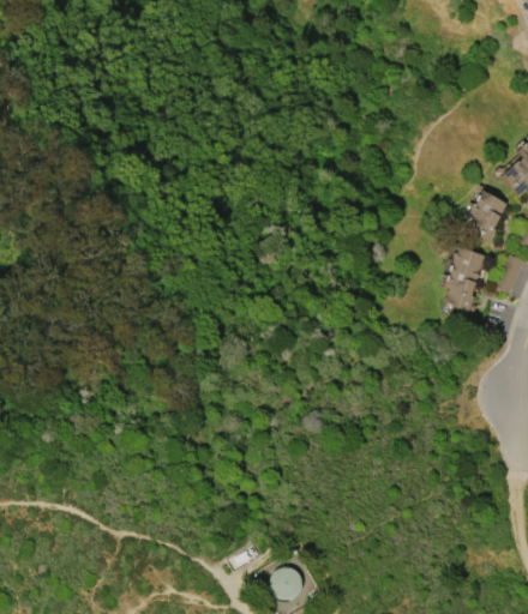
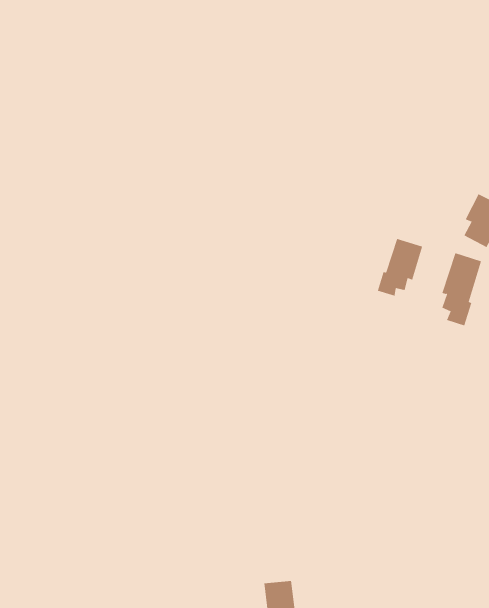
building: none -> [377,238,423,296]

